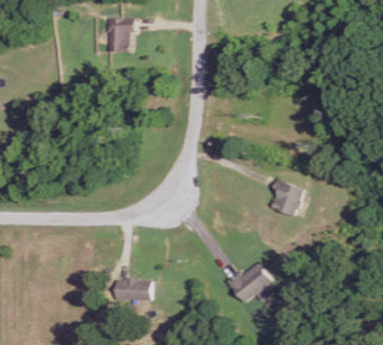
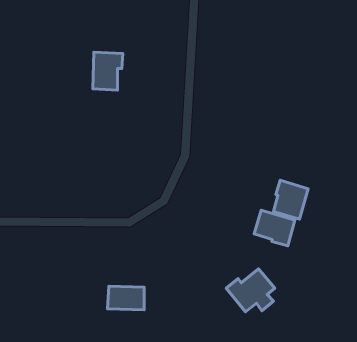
building: [106,18,134,53] -> [93,52,123,90]
building: none -> [254,210,295,246]

